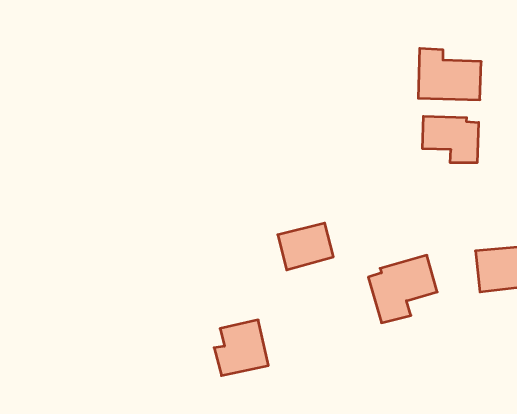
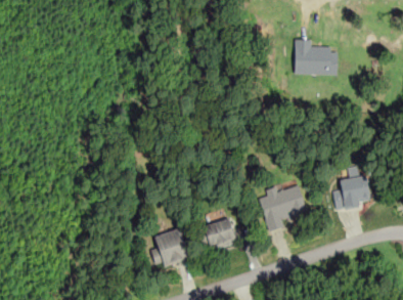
building: [423,116,479,163] -> none
building: [278,223,333,270] -> [197,218,236,251]

